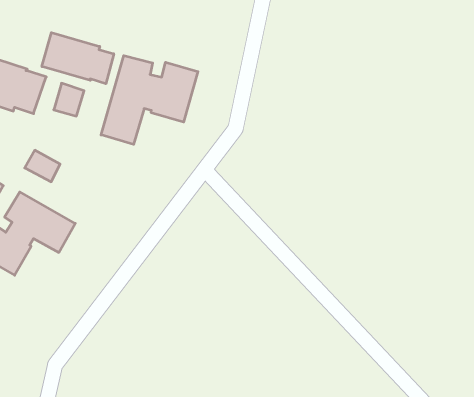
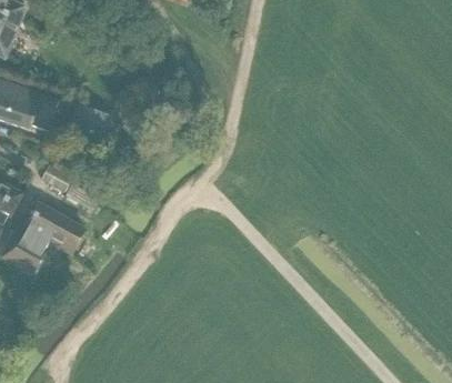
building: [42,33,114,84] -> none
building: [101,56,198,144] -> none

